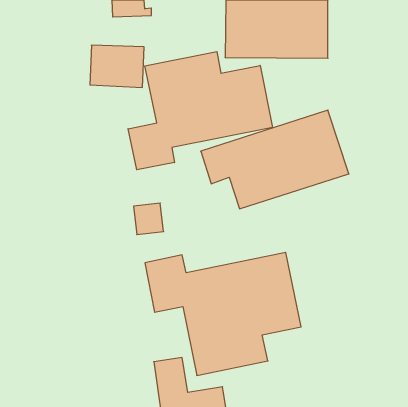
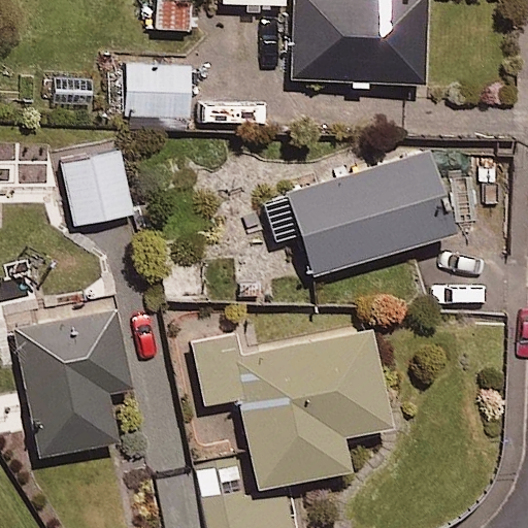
building: [128,52,272,170] -> none
building: none -> [63,153,134,226]
building: none -> [16,309,132,456]

